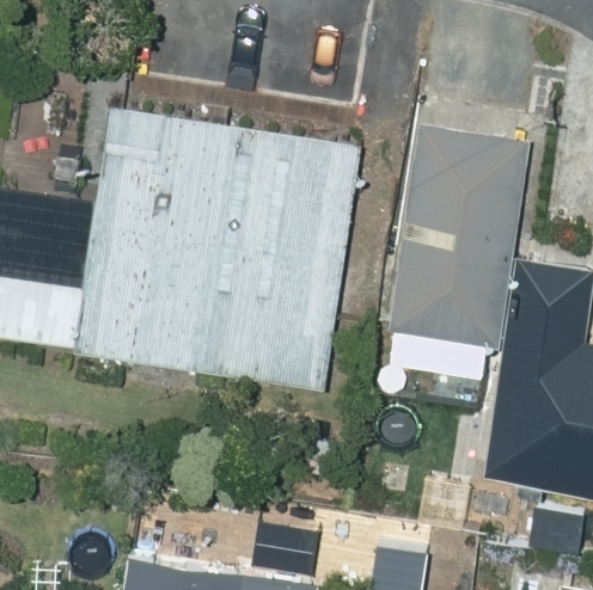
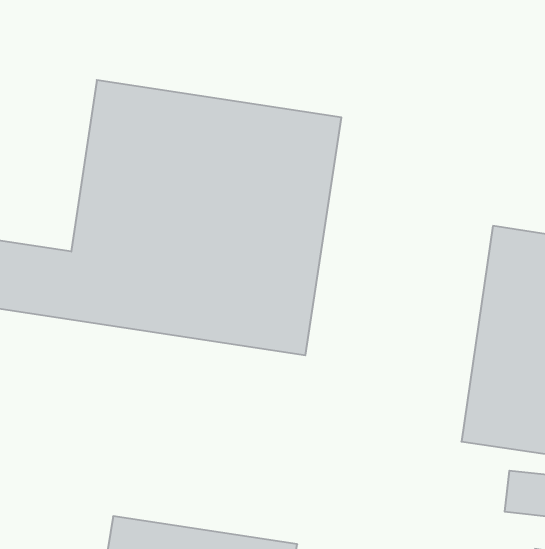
building: [392,125,530,346] -> none

